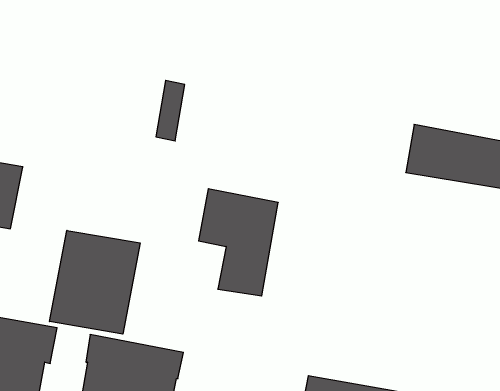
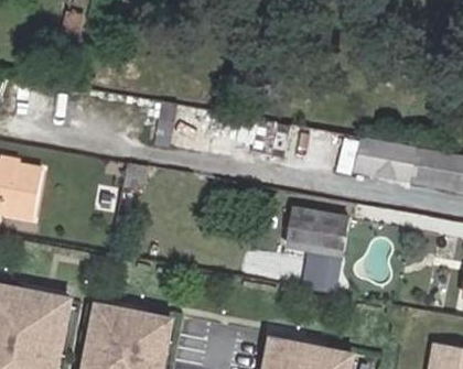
building: [199,189,278,296] -> [284,204,348,290]
building: [50,230,140,334] -> none

